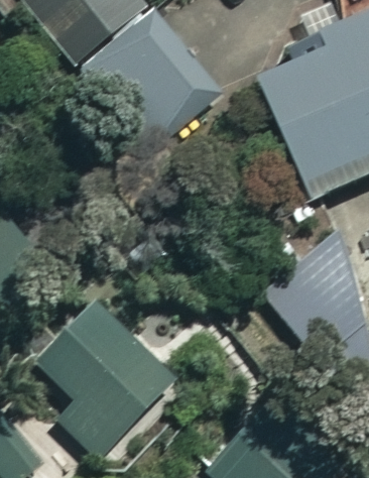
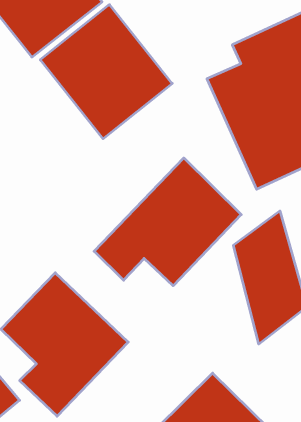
building: none -> [94,158,241,286]

